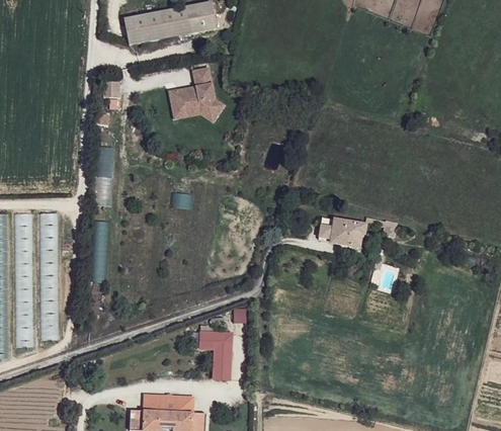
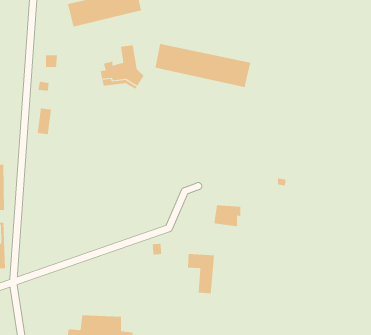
building: none -> [155,43,251,88]
building: [330,222,363,248] -> [214,205,241,227]
building: [197,329,231,377] -> [187,253,215,294]

